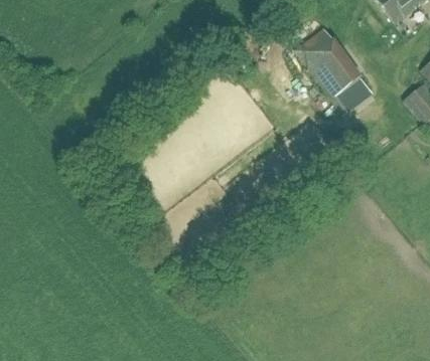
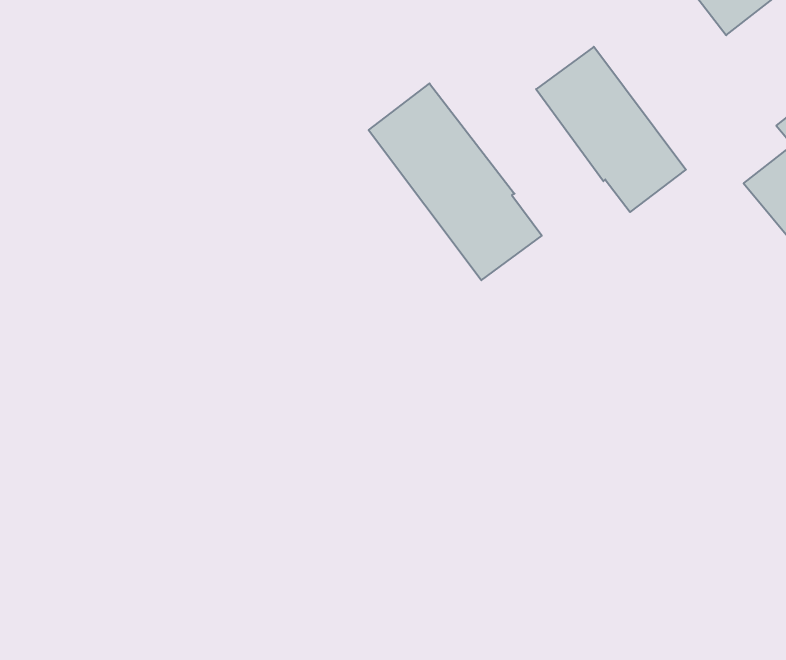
building: none -> [369,83,542,280]

